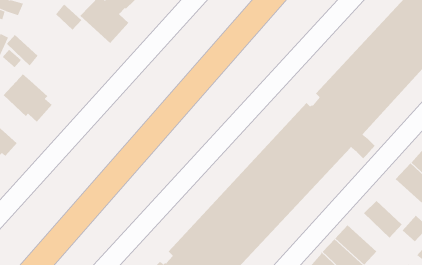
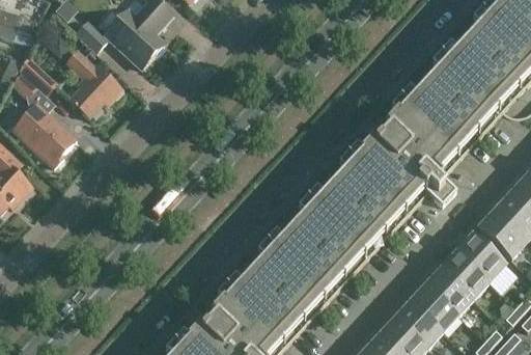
building: none -> [67,51,121,117]
building: none -> [457,236,504,282]
building: none -> [423,269,473,315]

